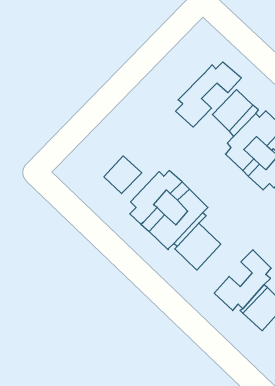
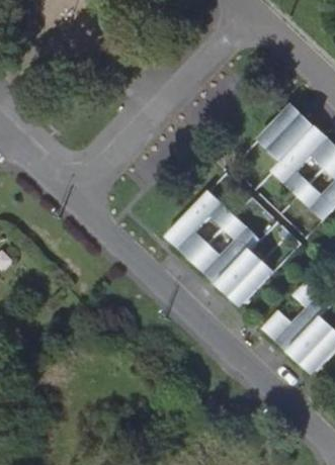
building: [176,62,241,127] -> none
building: [104,156,142,194] -> none

